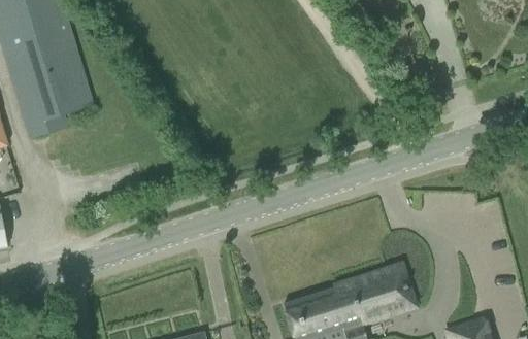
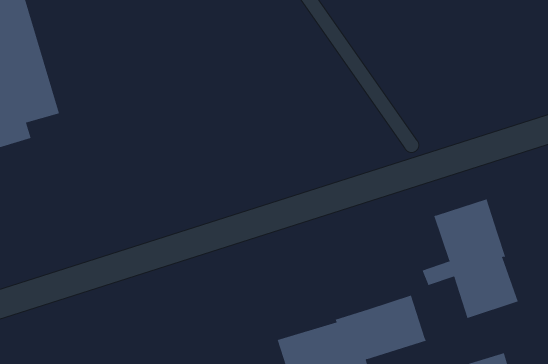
building: none -> [422,199,519,319]

